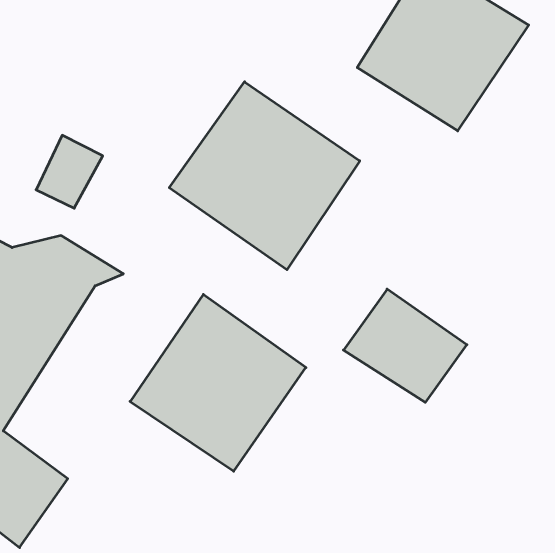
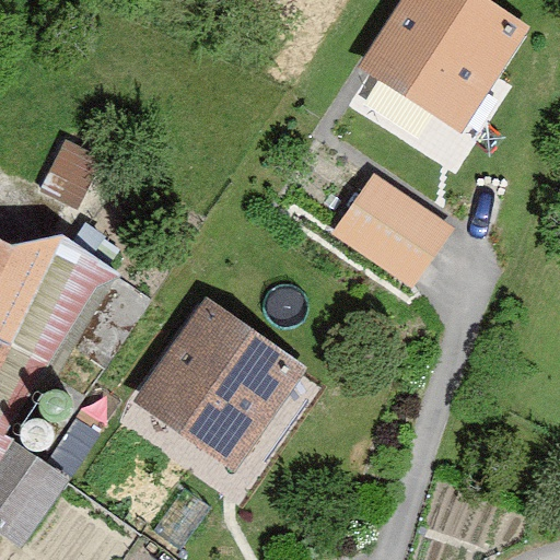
building: [169,82,360,270] -> none
building: [343,289,467,402] -> [331,172,455,285]

